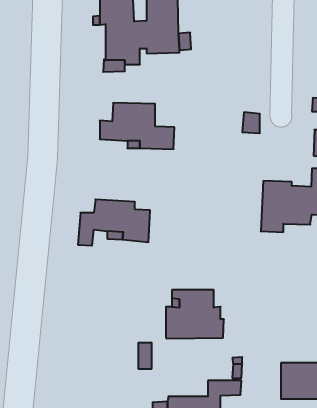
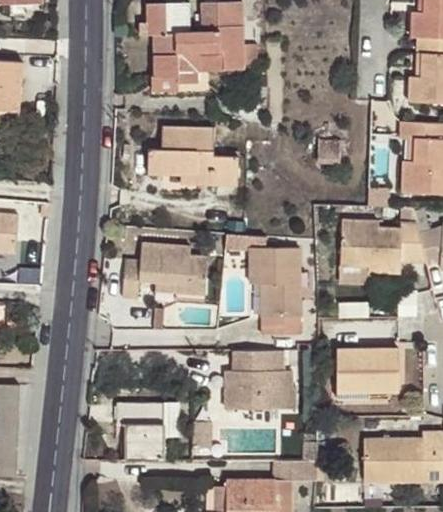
building: none -> [250,250,299,335]
building: none -> [336,351,399,400]
building: none -> [119,404,166,461]

